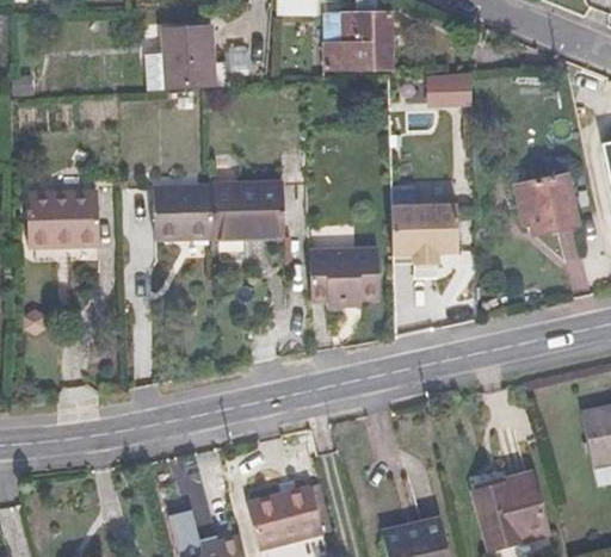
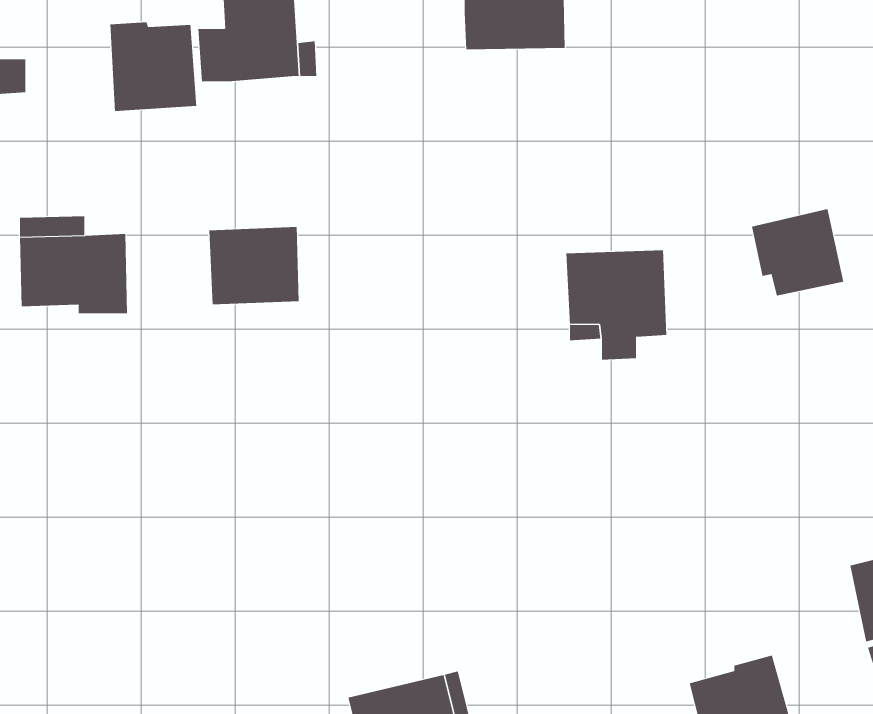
building: none -> [110,22,197,112]
building: [427,72,473,106] -> none
building: [212,181,285,239] -> none
building: [309,247,379,304] -> none

